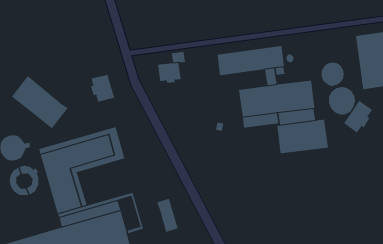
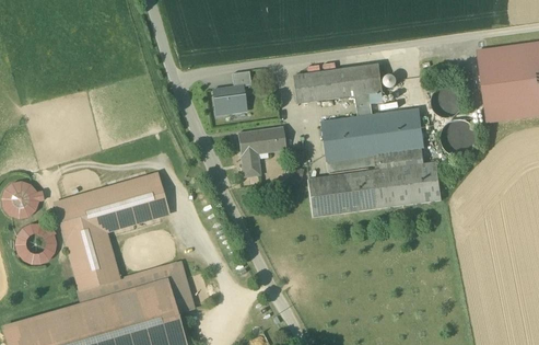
building: [90,74,115,102] -> none
building: [11,75,68,129] -> none
building: none -> [237,127,285,177]
building: [343,100,373,133] -> none
building: none -> [307,171,376,217]
building: [156,198,179,232] -> [160,265,189,311]

